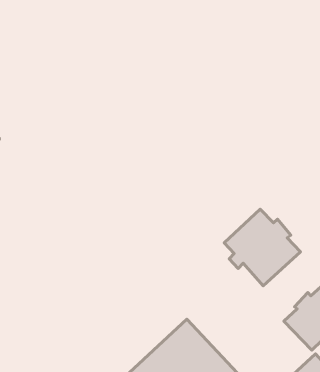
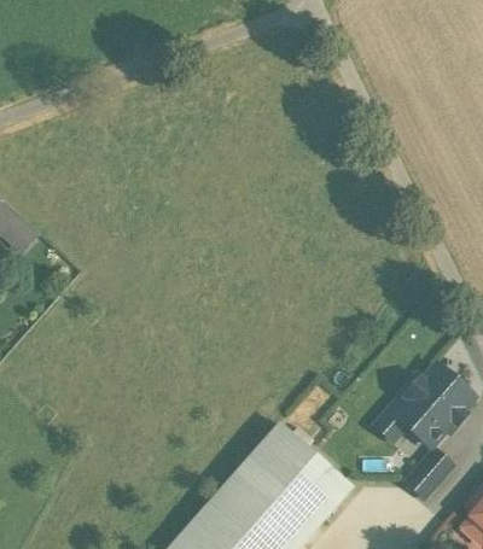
building: [224,209,301,286] -> none

